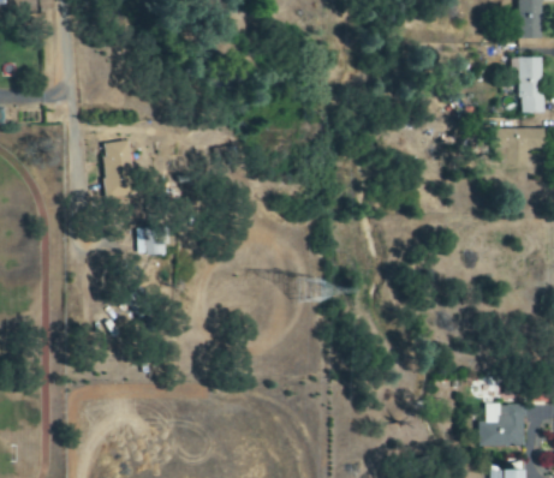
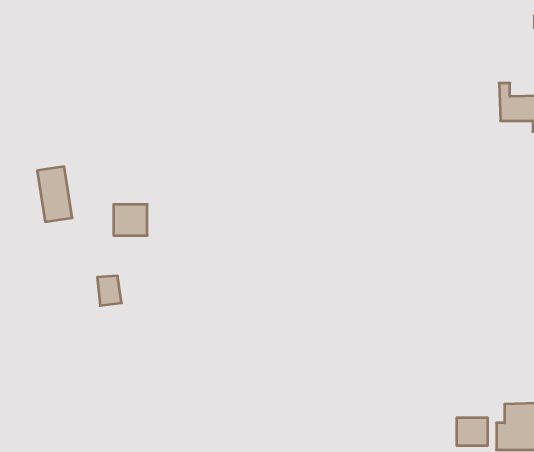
building: [103,138,135,187] -> [37,167,72,222]
building: none -> [457,418,487,446]

